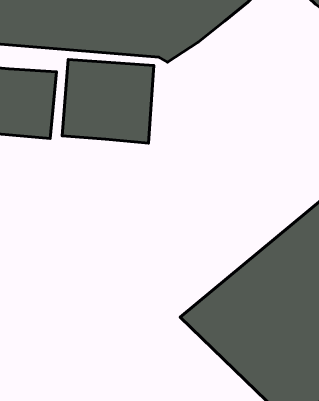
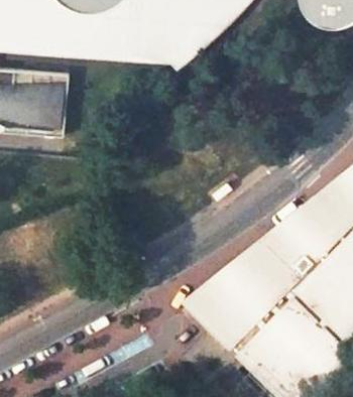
building: [62,59,154,143] -> none

